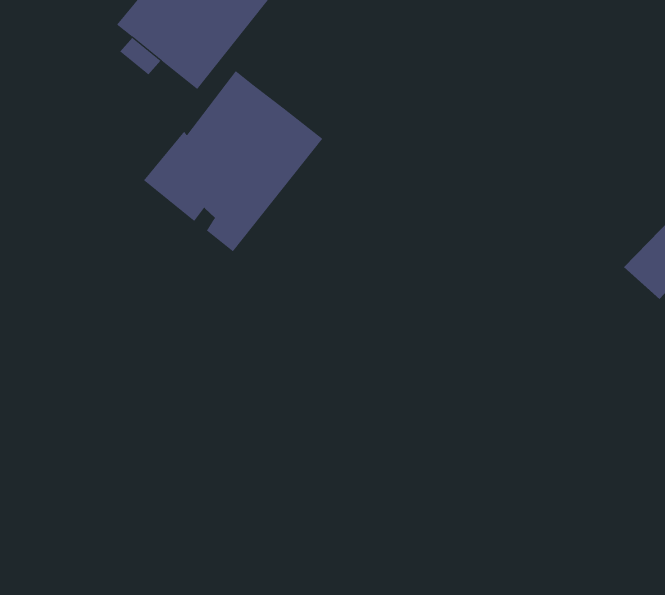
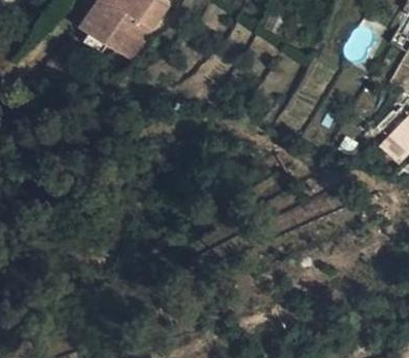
building: [143,70,323,252] -> none

